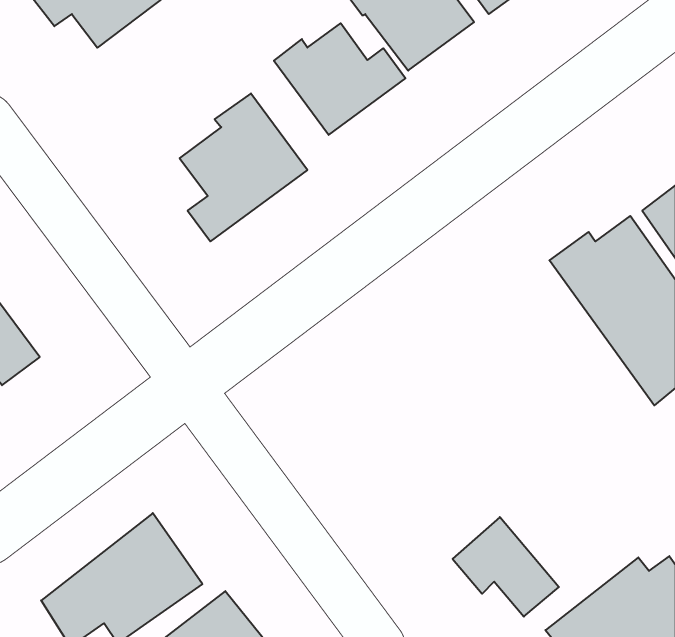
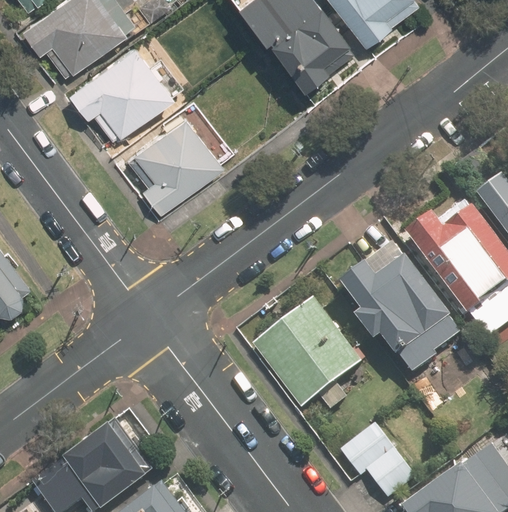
building: none -> [65,43,175,143]
building: [274,23,405,135] -> none
building: none -> [343,256,458,374]
building: none -> [252,296,364,413]

